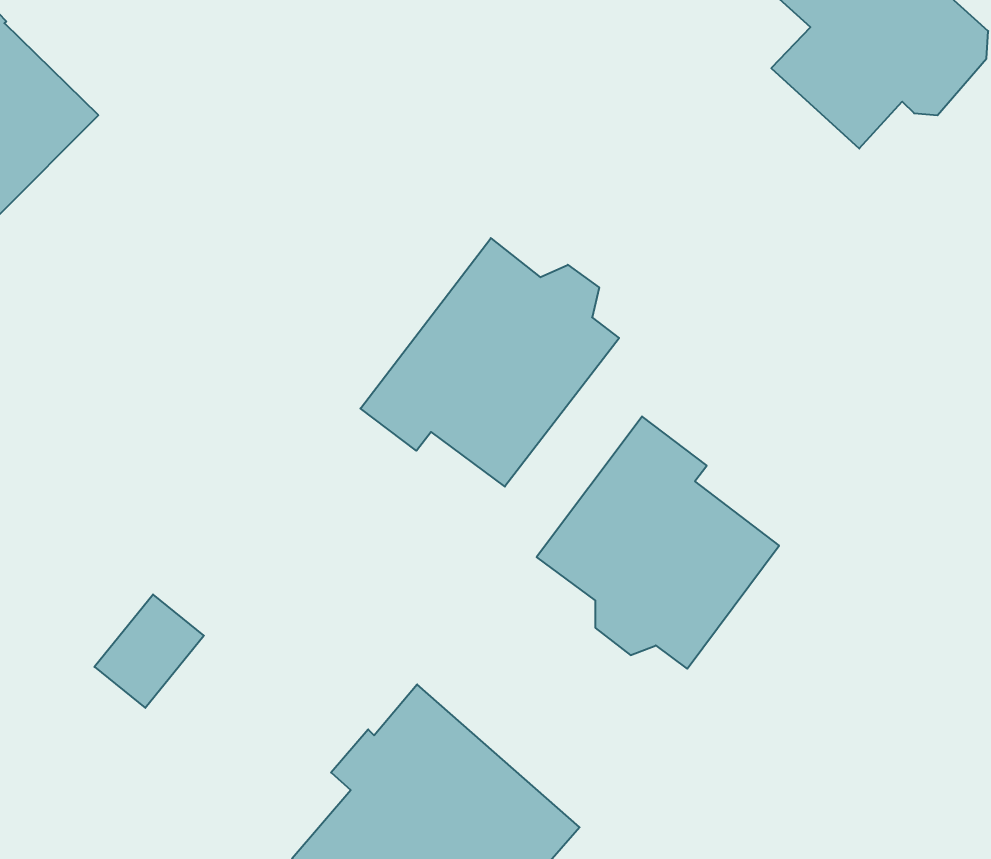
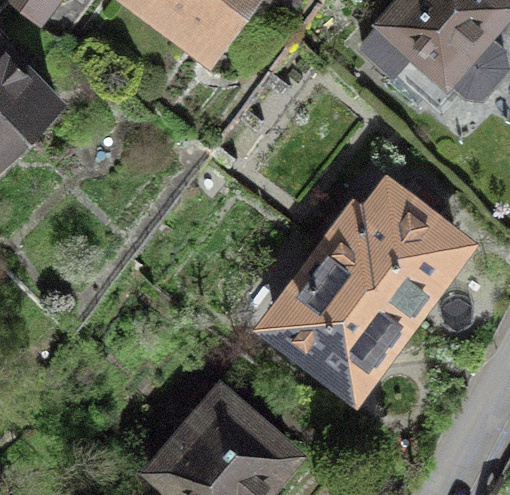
building: [360,238,619,487] -> none
building: none -> [330,188,457,313]

